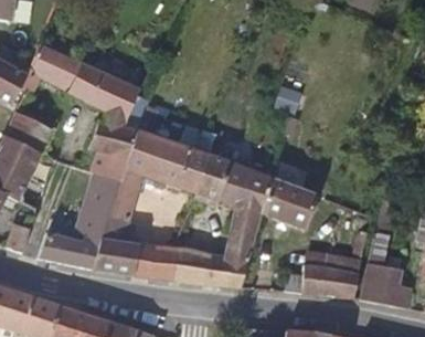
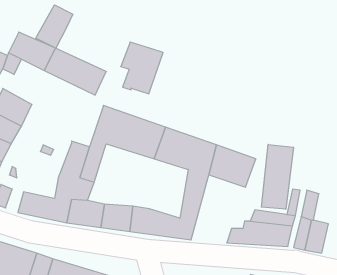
building: none -> [36,5,73,48]
building: [88,118,138,179] -> [121,42,163,94]
building: none -> [261,144,294,209]

